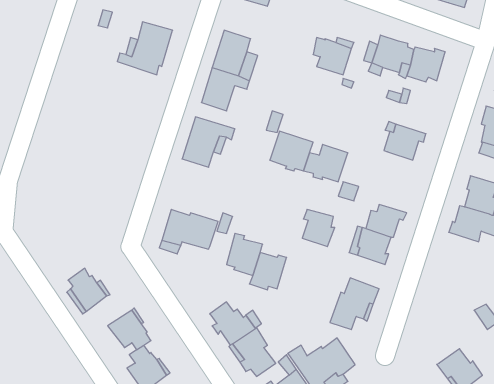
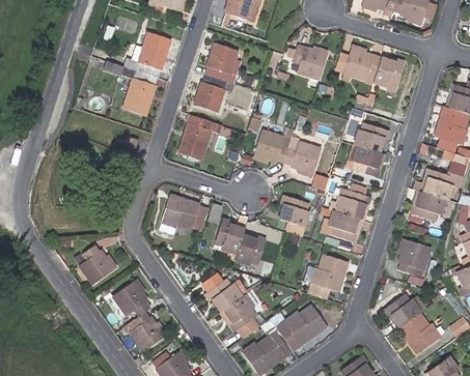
building: none -> [109,66,157,119]
building: none -> [352,146,380,176]
building: none -> [395,239,428,277]
building: none -> [383,296,420,328]

